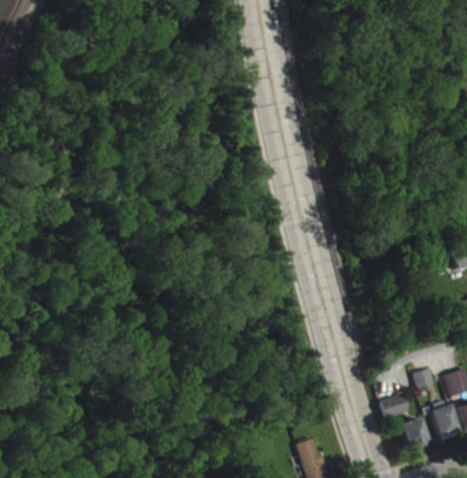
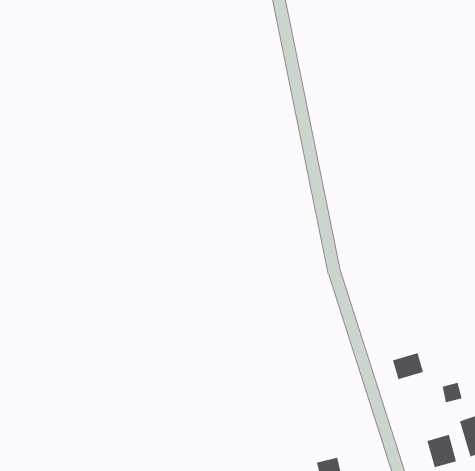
building: [381,394,410,419] -> [392,353,424,380]

